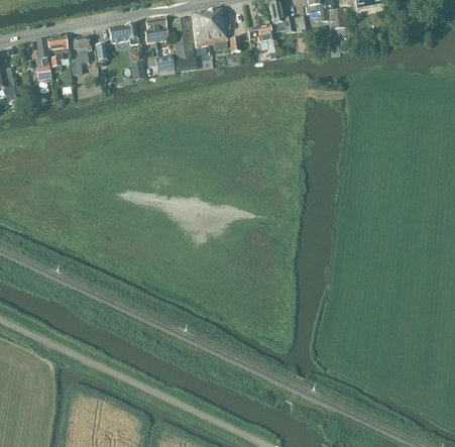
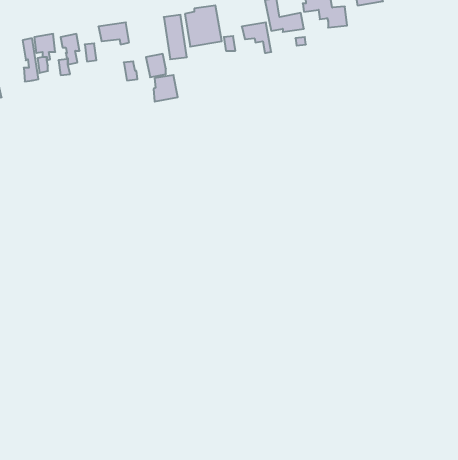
building: [145,18,168,43] -> [154,75,178,102]

